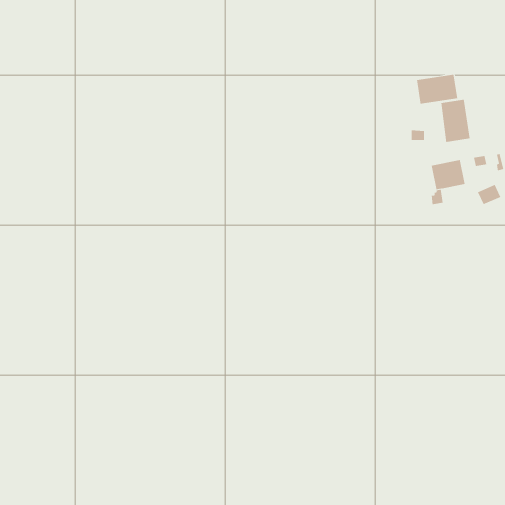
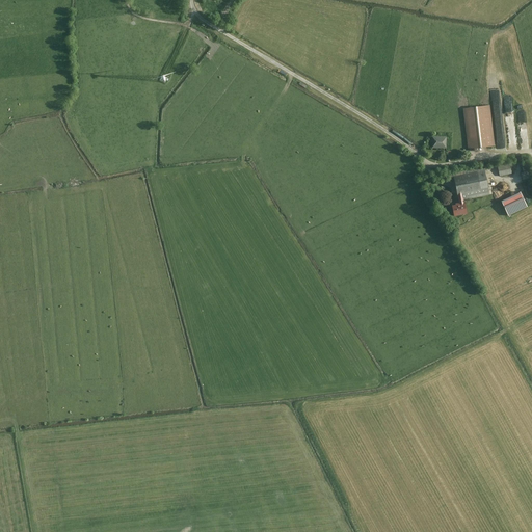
building: [417,74,458,105] -> none

